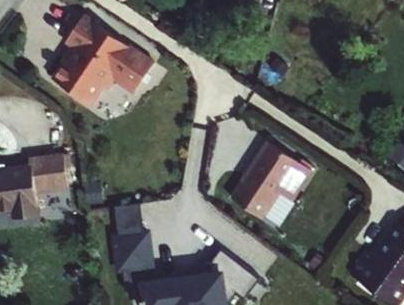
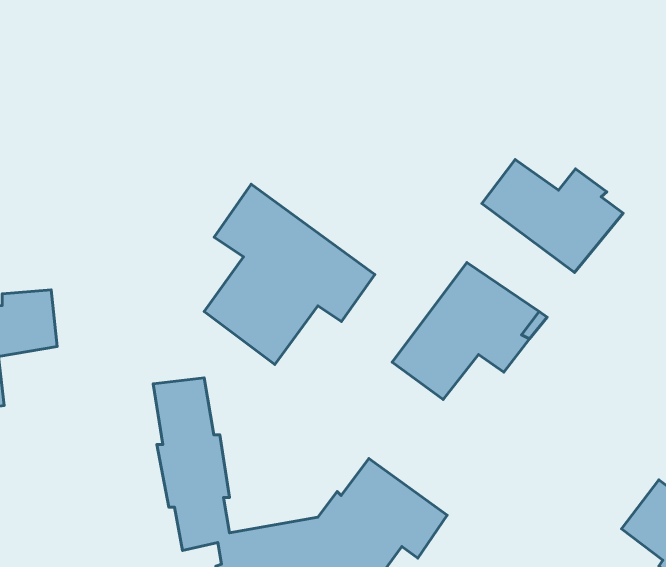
building: [61,17,148,109] -> [204,184,375,365]
building: none -> [482,159,623,272]

